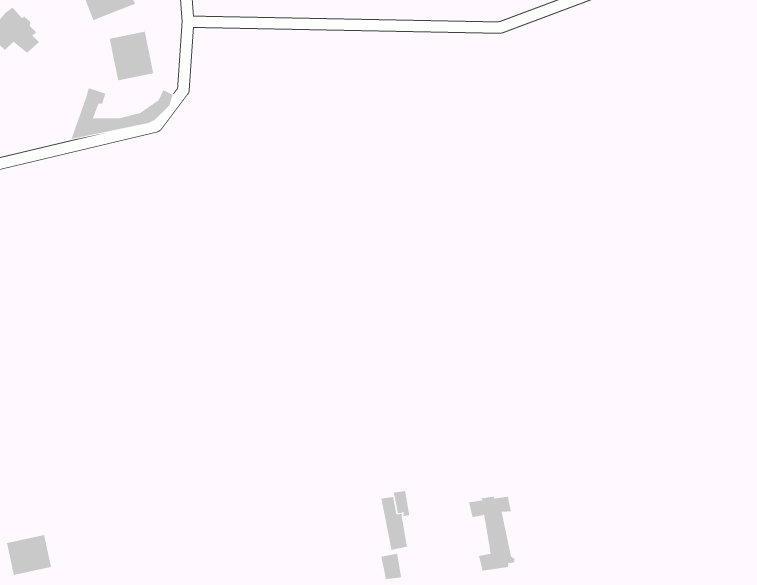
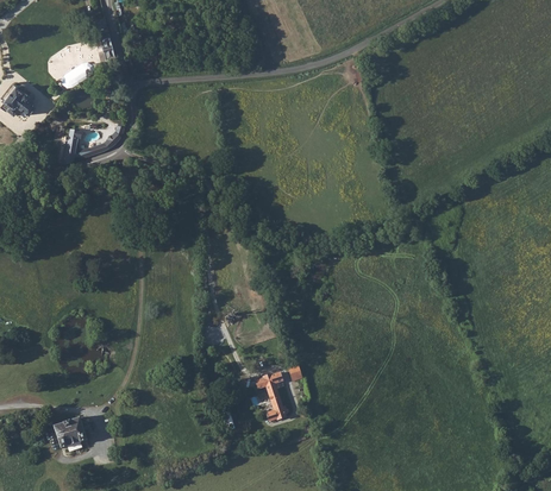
building: [109,31,154,81] -> none
building: [468,496,515,571] -> [252,370,287,420]

